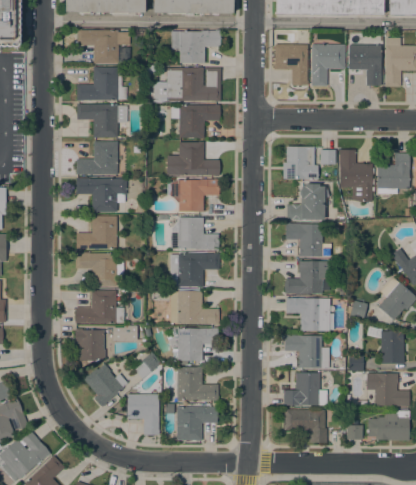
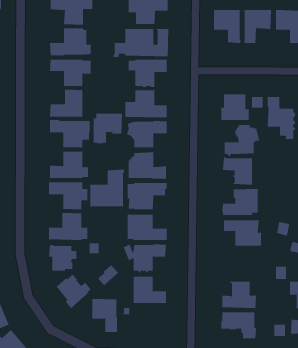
building: none -> [93,113,123,144]
building: none -> [90,169,125,207]
building: [284,334,329,367] -> none
building: [176,406,217,440] -> none

